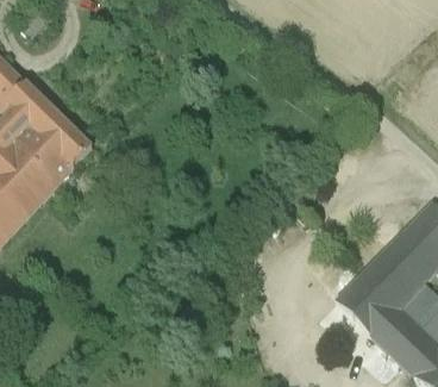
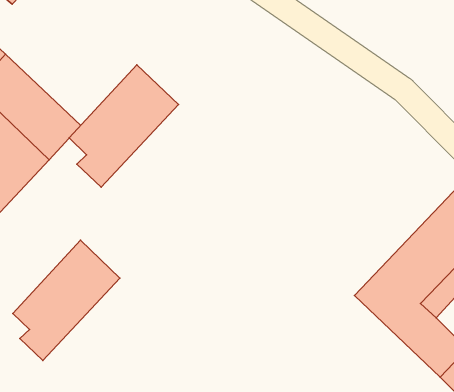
building: none -> [69,65,178,187]
building: none -> [13,240,120,360]

